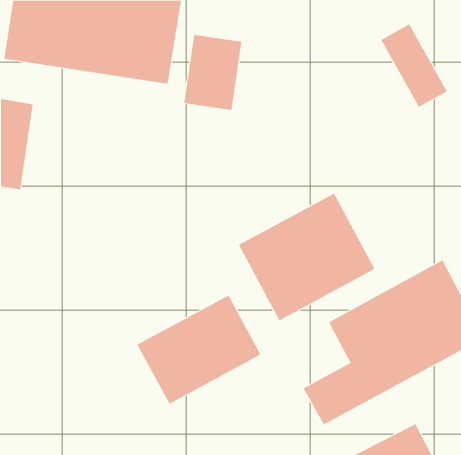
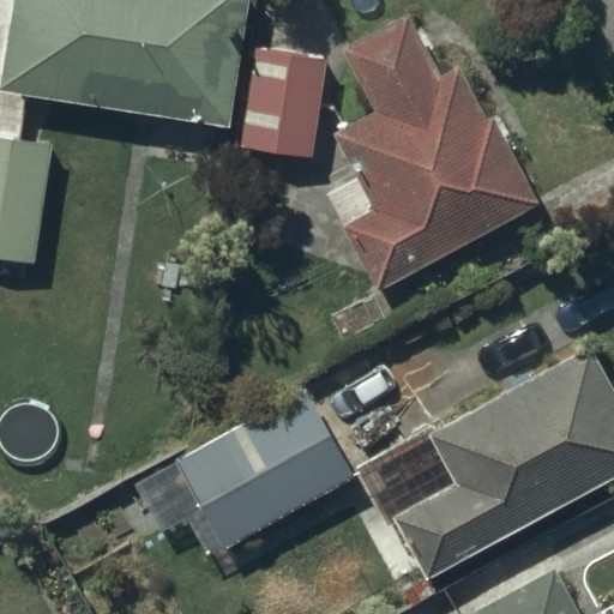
building: none -> [339,22,531,284]
building: [238,193,375,321] -> none

